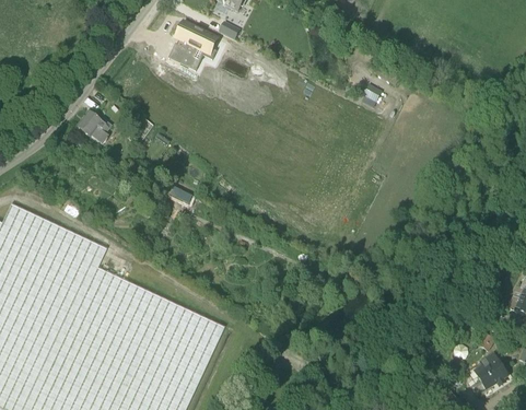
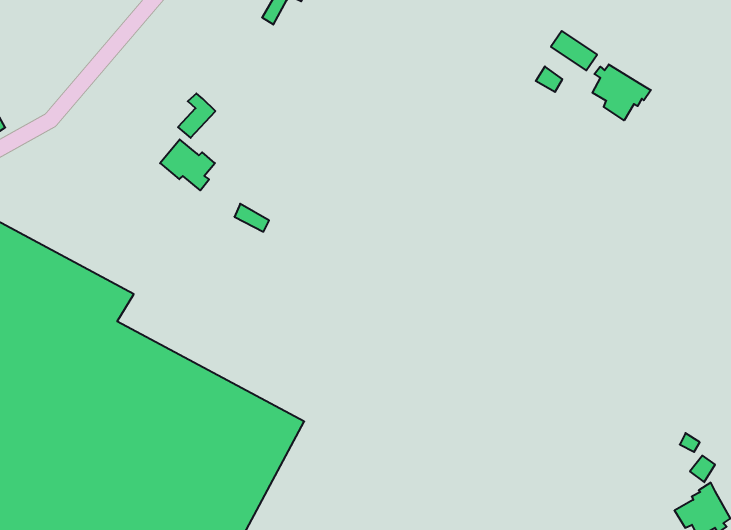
building: none -> [592,64,651,120]
building: [75,110,112,143] -> [160,139,215,190]

